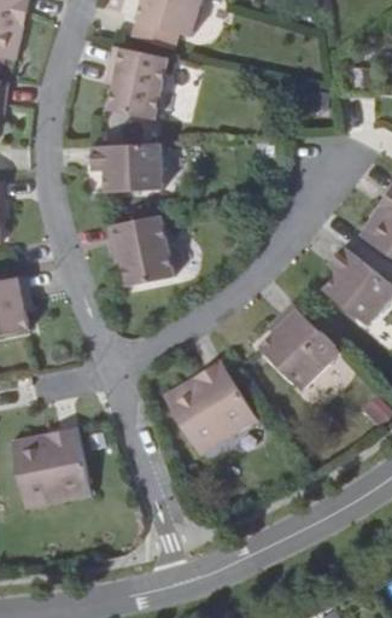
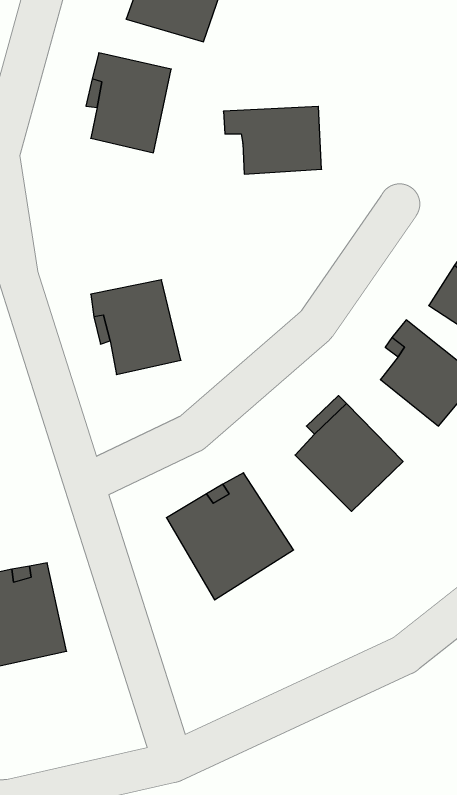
building: [90,144,164,194] -> [223,106,322,174]

